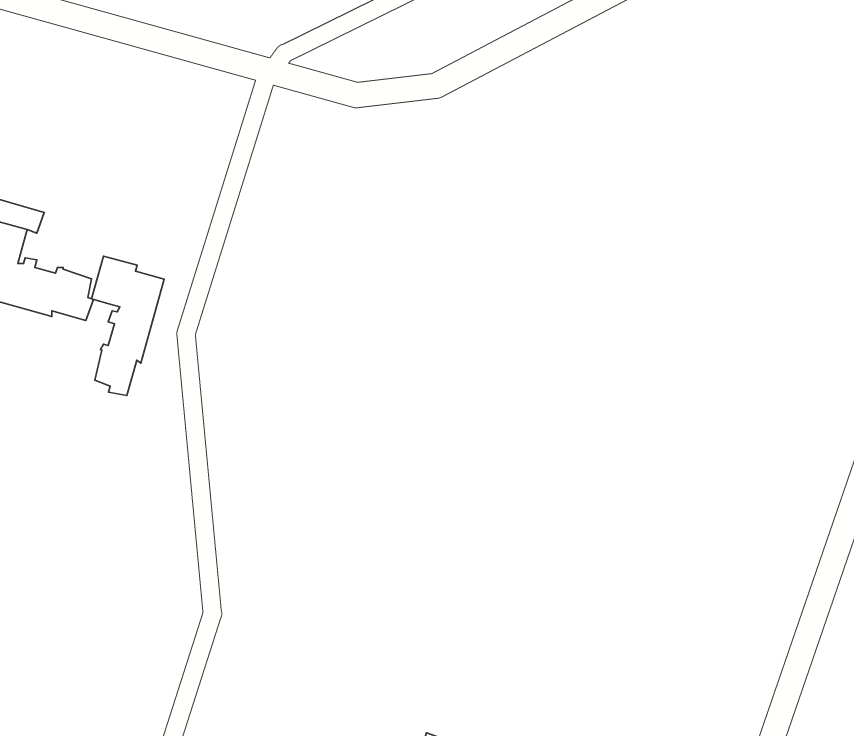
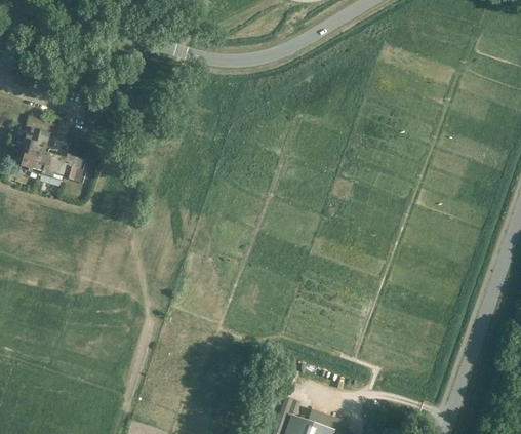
building: [91,256,164,395] -> none

